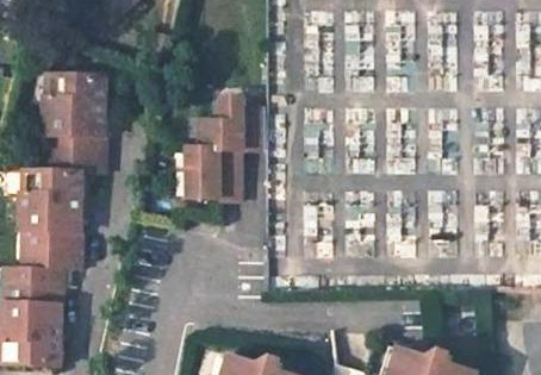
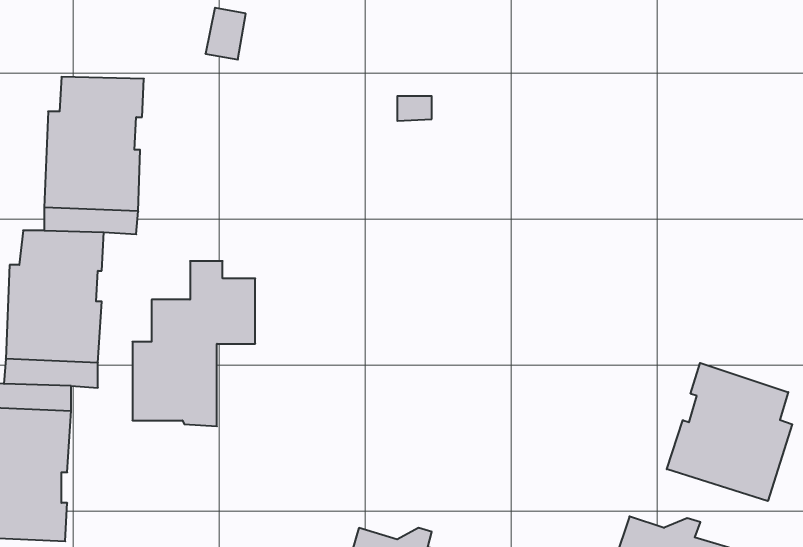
building: [185,95,261,198] -> [132,261,255,426]
building: none -> [667,363,792,501]

